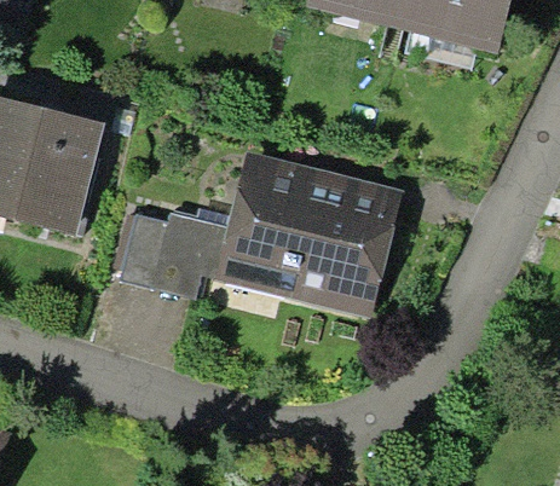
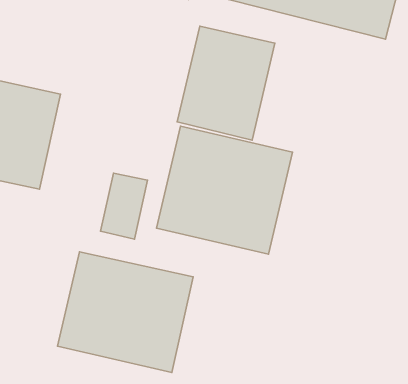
building: none -> [177,26,275,140]
building: none -> [58,252,193,372]

